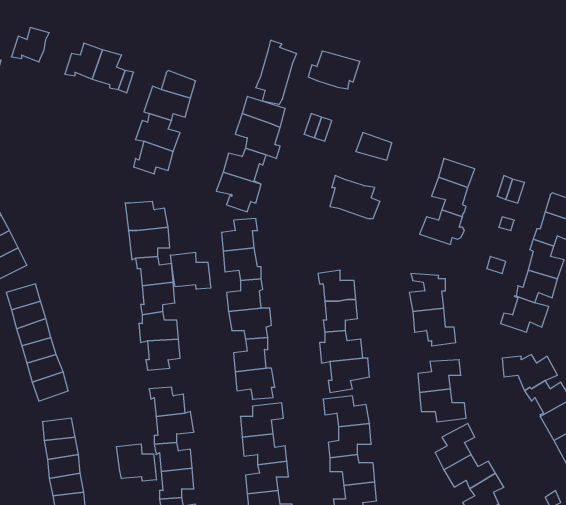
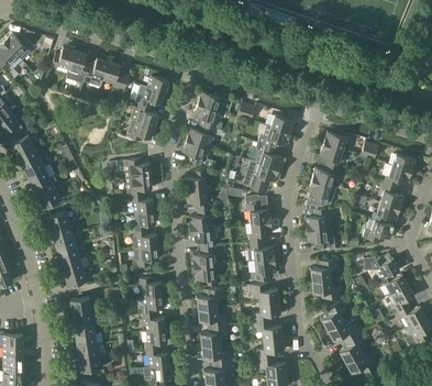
building: none -> [67,51,89,82]
building: [256,40,296,105] -> none
building: [308,51,360,89] -> [257,125,290,150]
building: none -> [243,161,281,192]
building: none -> [306,179,335,206]
building: [170,252,211,289] -> none
building: [117,444,156,481] -> none

